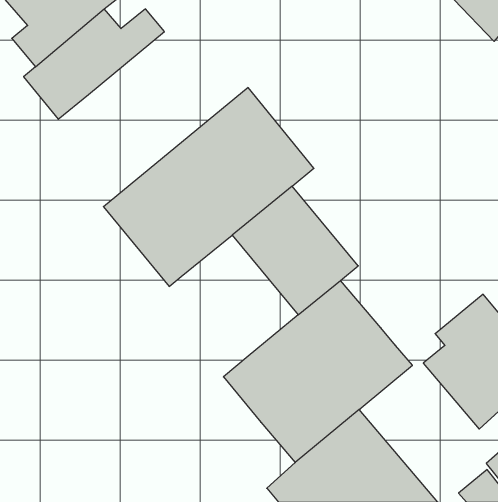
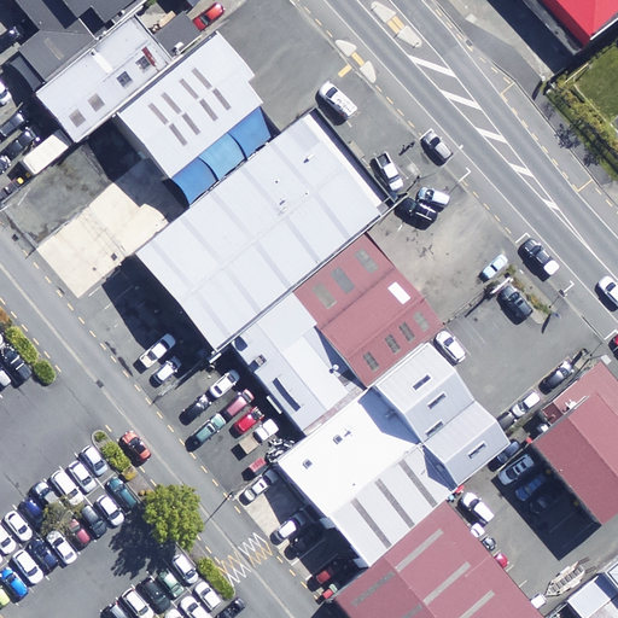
building: none -> [115,30,264,183]
building: none -> [228,288,372,437]

